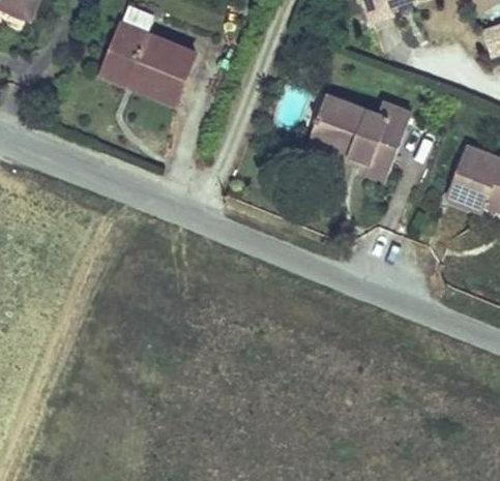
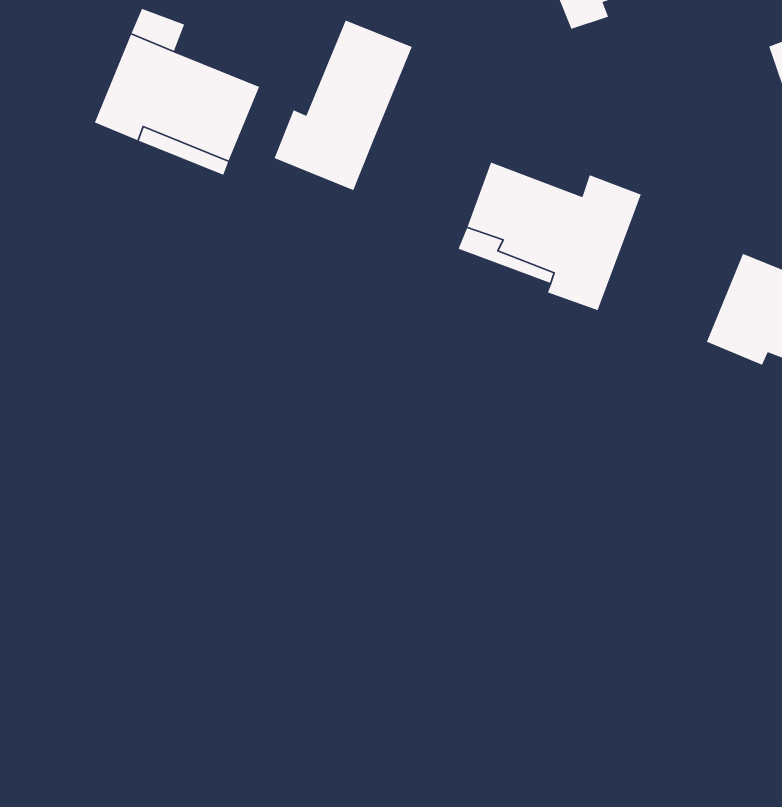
building: none -> [273,19,413,191]

